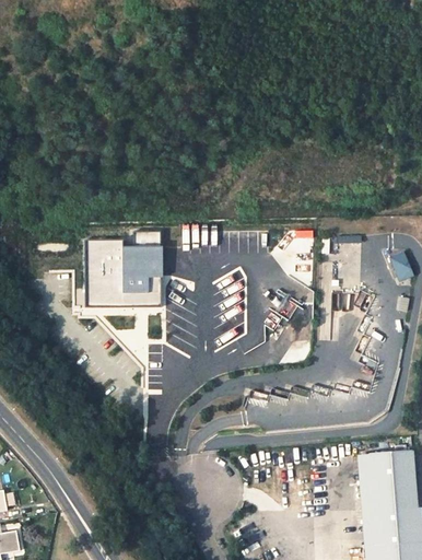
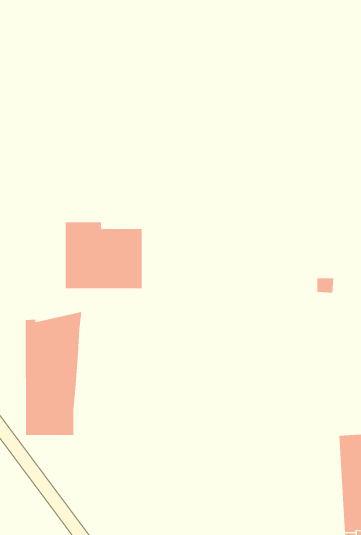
building: none -> [25,311,82,436]

